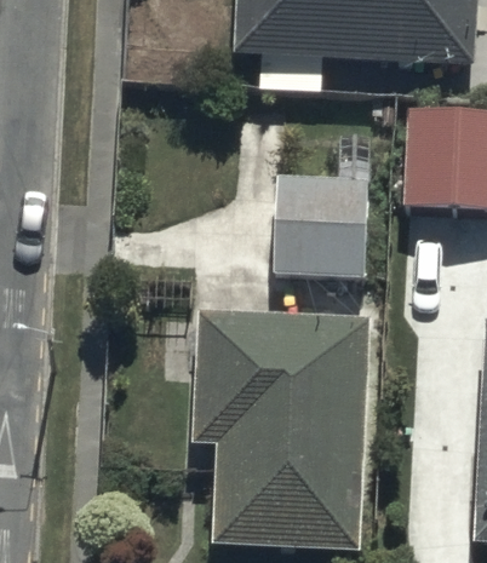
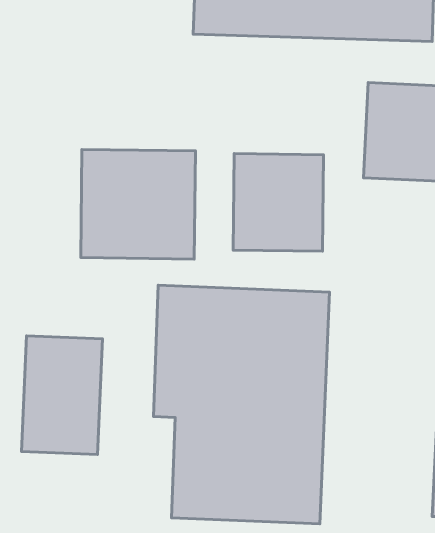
building: none -> [81,149,195,259]
building: none -> [22,336,102,454]

